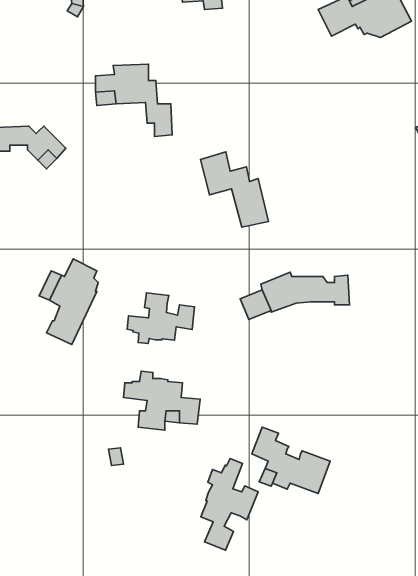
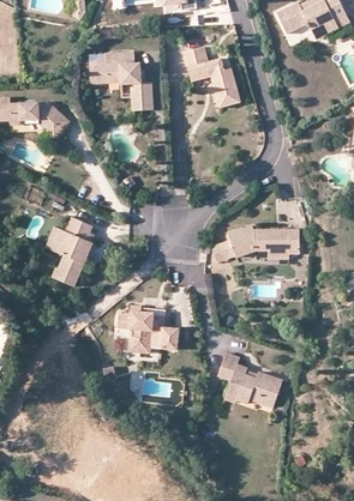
building: [201,152,269,227] -> [185,48,240,109]
building: [127,293,195,344] -> none
building: [201,458,258,550] -> none

